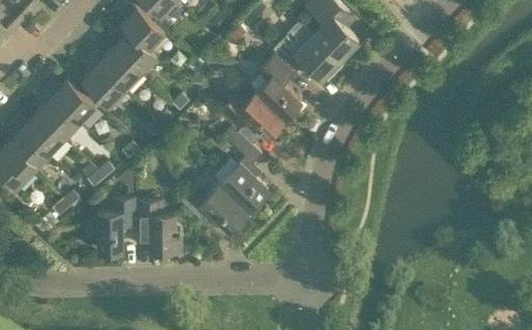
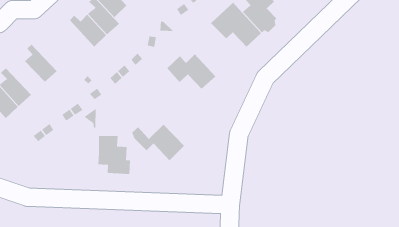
building: [256,54,302,118] -> none
building: [82,56,126,106] -> none
building: [45,79,96,122] -> none
building: [14,112,64,155] -> none
building: [220,126,268,210] -> none
building: [98,198,138,250] -> none

